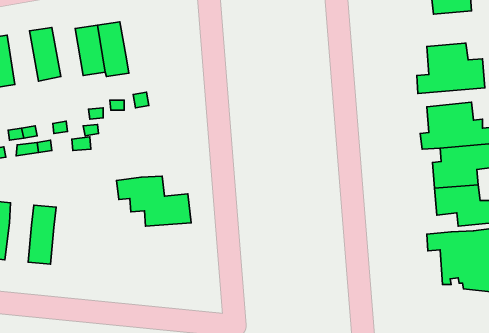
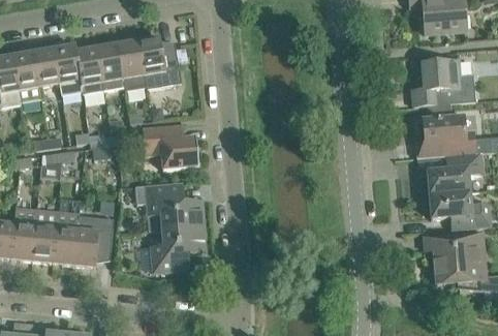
building: none -> [137,36,181,88]
building: none -> [74,44,103,92]
building: none -> [33,48,62,97]
building: none -> [143,123,198,169]
building: none -> [31,207,58,262]
building: none -> [73,211,114,266]
building: none -> [151,225,206,272]

